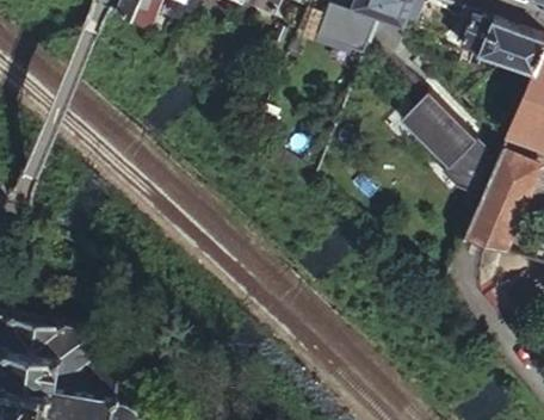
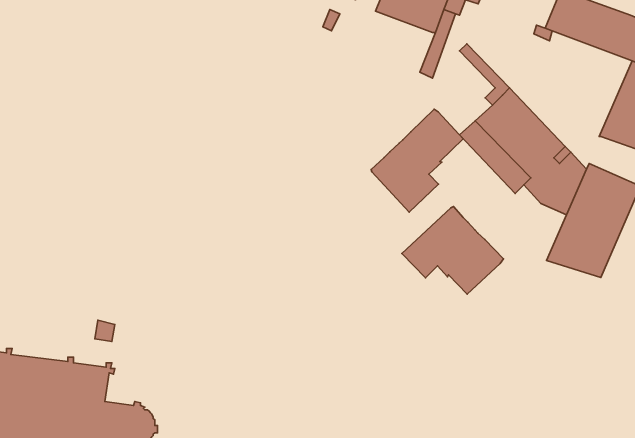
building: none -> [371,109,463,212]
building: none -> [402,206,504,294]

